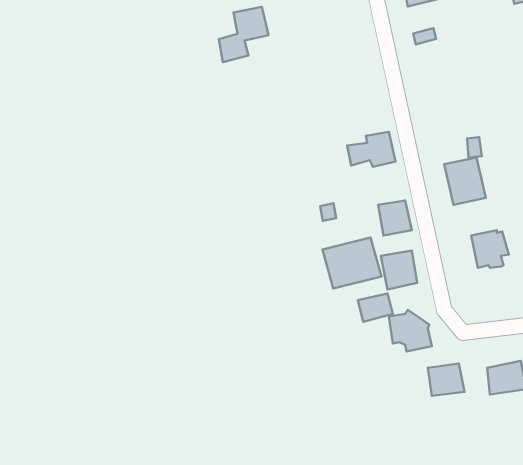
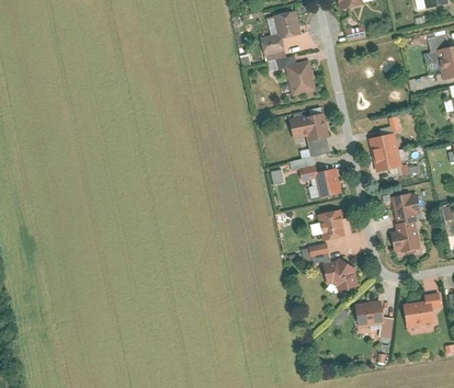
building: [219,7,269,62] -> [261,10,302,55]
building: none -> [285,60,316,95]
building: [322,237,381,289] -> none
building: none -> [393,220,420,252]

